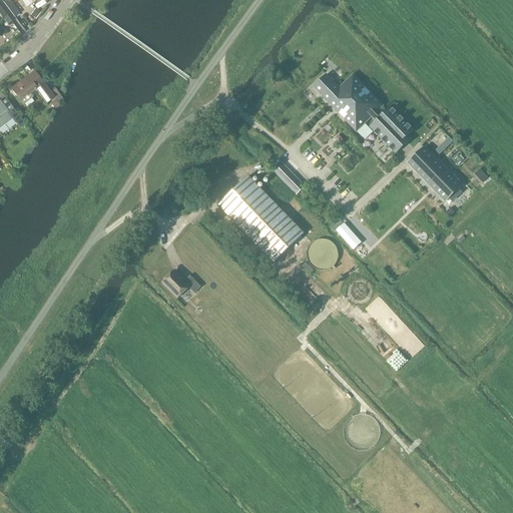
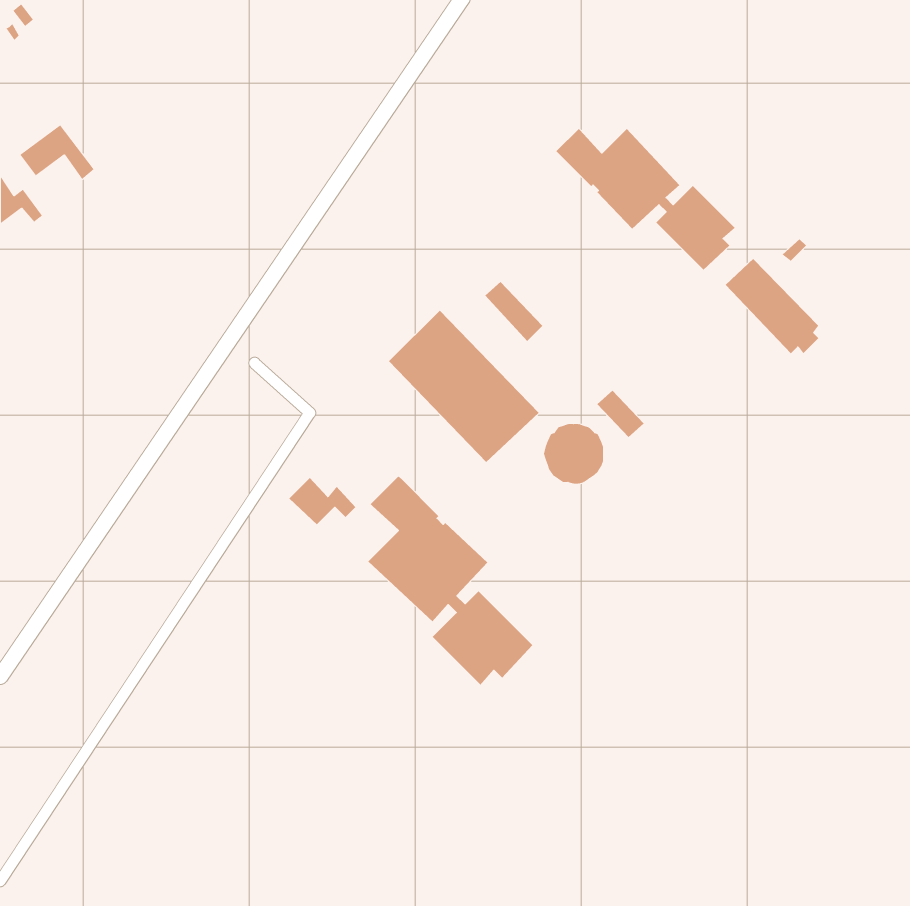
building: none -> [367,475,533,686]

